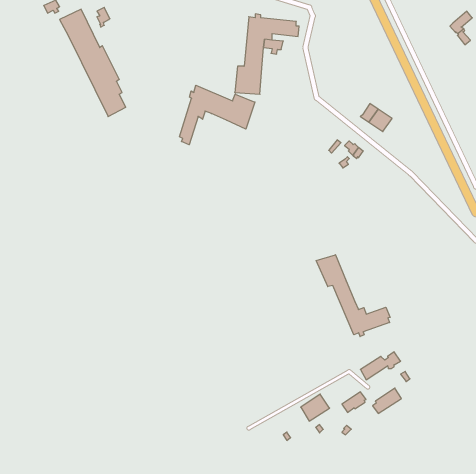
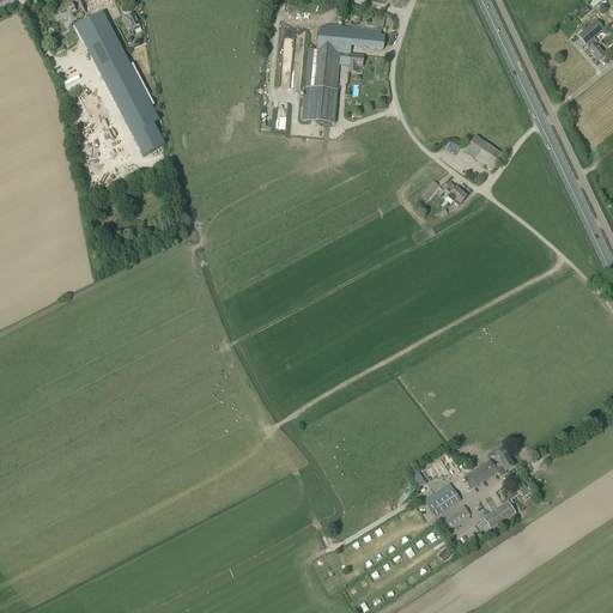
building: [179,85,255,145] -> none
building: [316,255,390,337] -> none
building: [301,394,330,421] -> [424,480,461,515]

